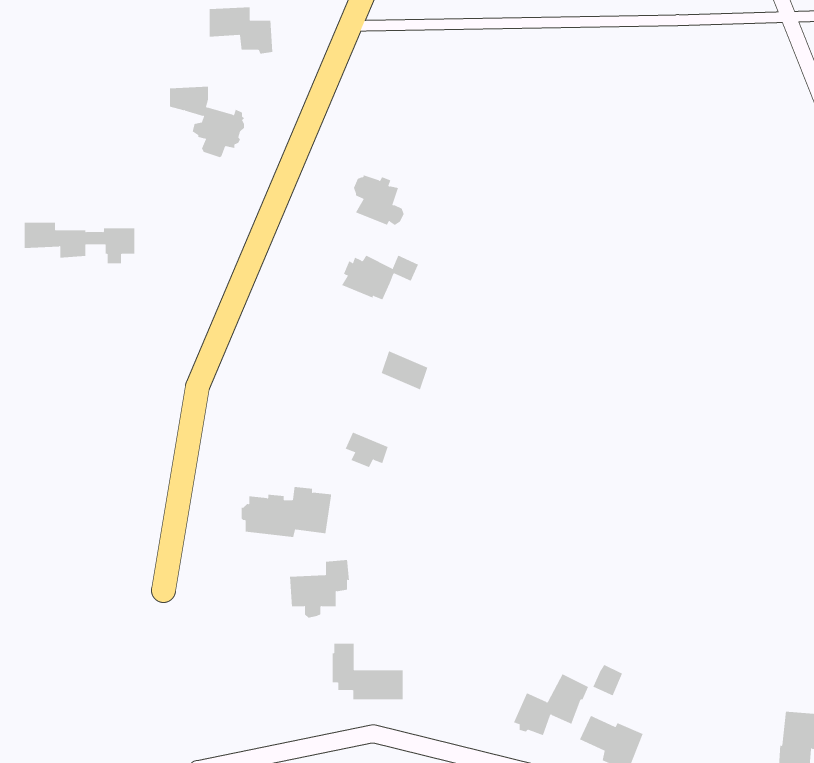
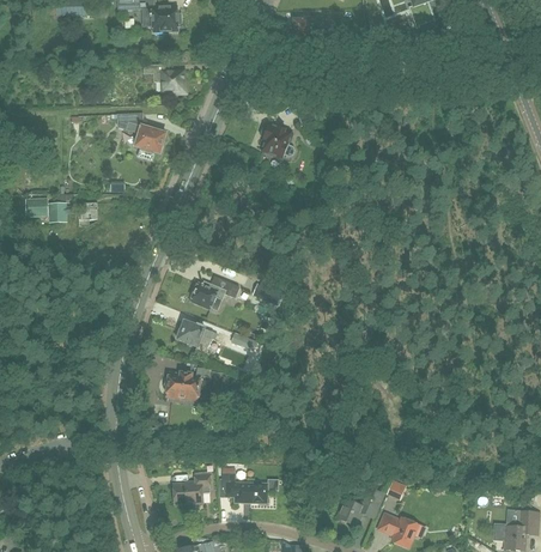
building: [353,175,404,226] -> [261,125,293,157]
building: [341,255,419,300] -> [189,280,238,309]
building: none -> [175,321,217,353]
building: [289,560,350,618] -> [171,473,209,510]

